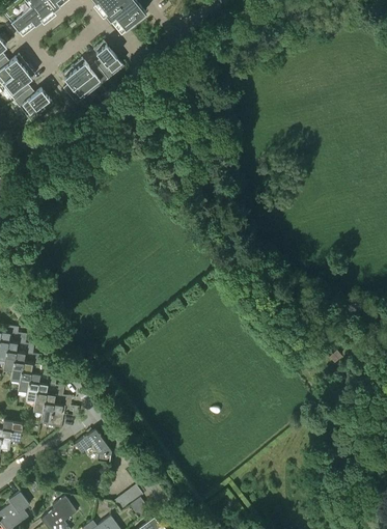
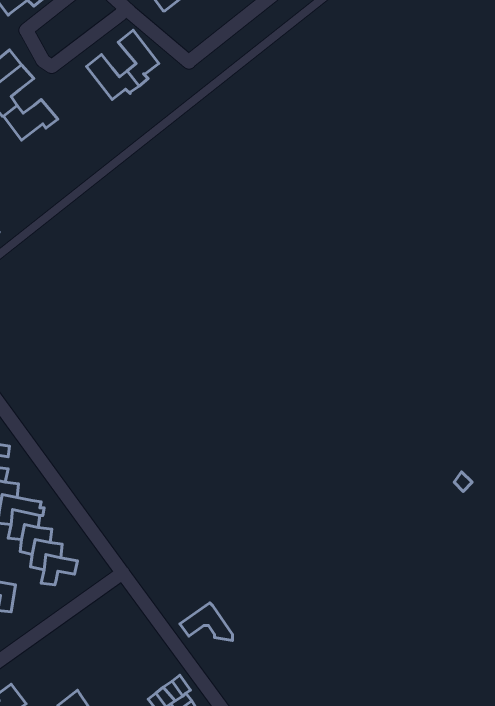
building: [61,66,89,105] -> none
building: [75,429,111,455] -> [180,603,233,641]

